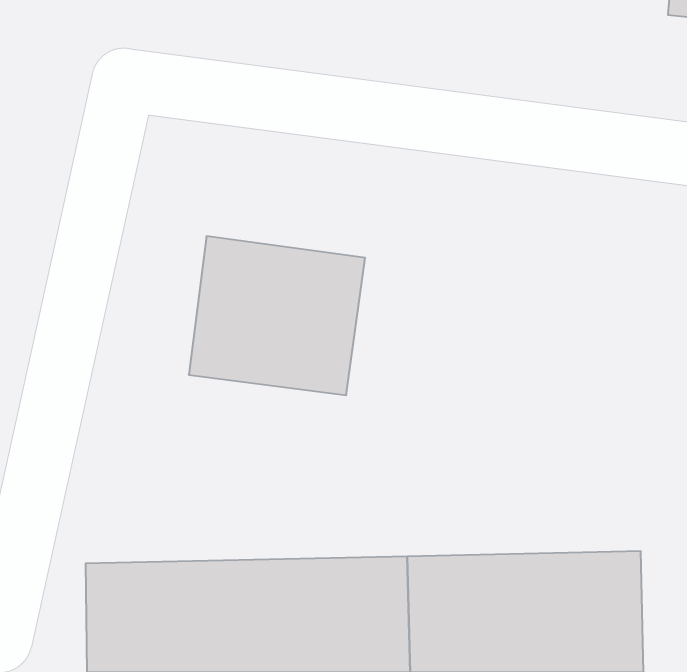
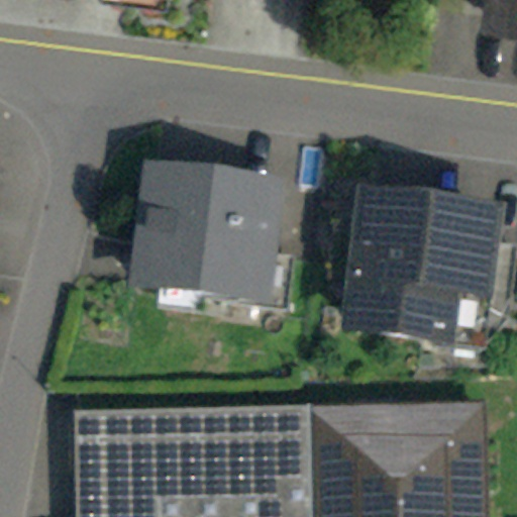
building: none -> [360,210,494,336]

